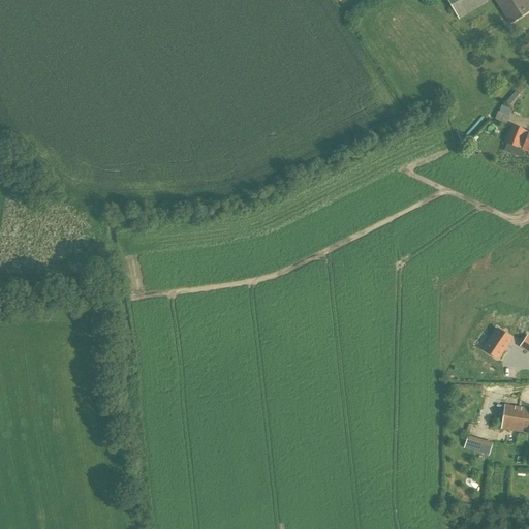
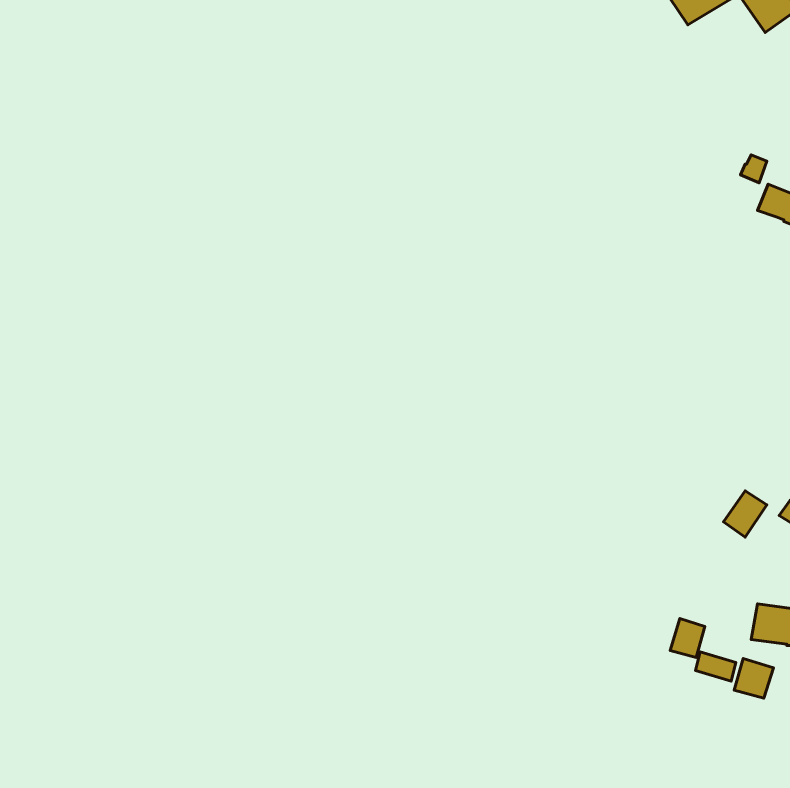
building: none -> [670,619,705,658]
building: none -> [734,659,773,698]

